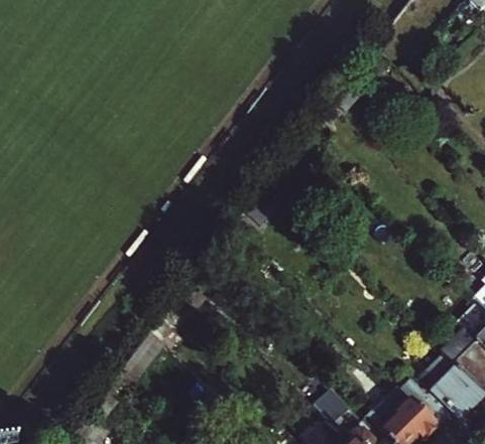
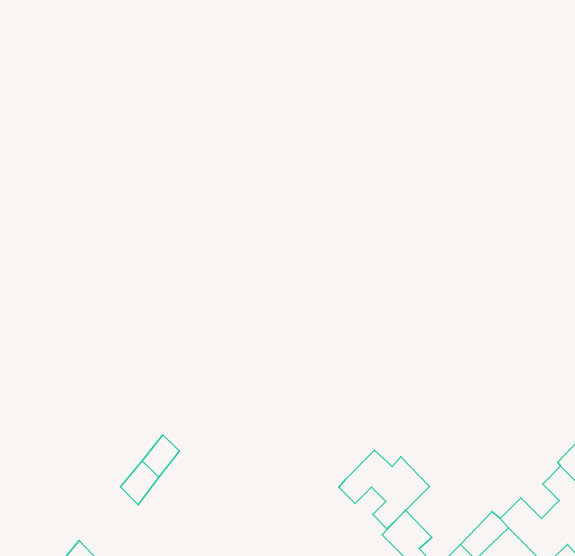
building: none -> [339,450,429,529]

